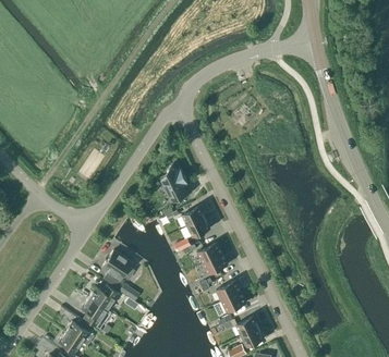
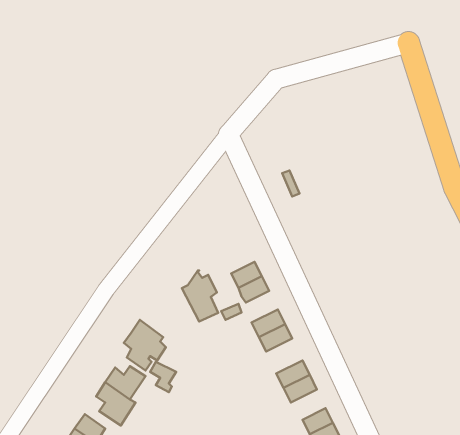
building: [160,165,187,204] -> [182,271,218,321]

